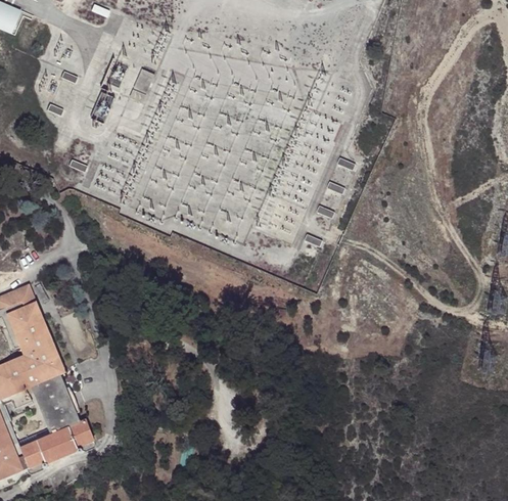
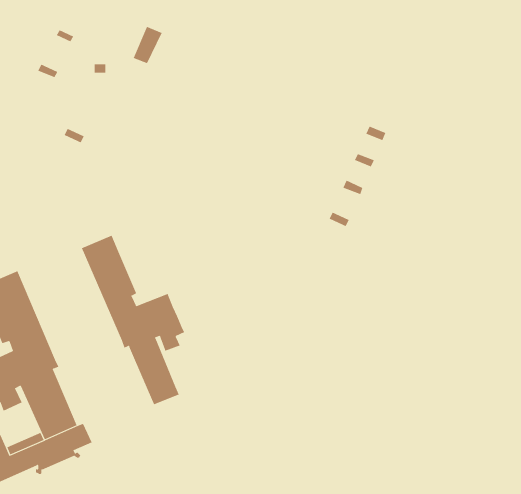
building: none -> [81,235,185,405]

